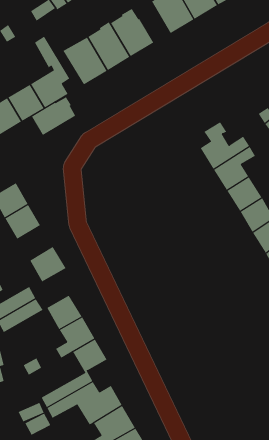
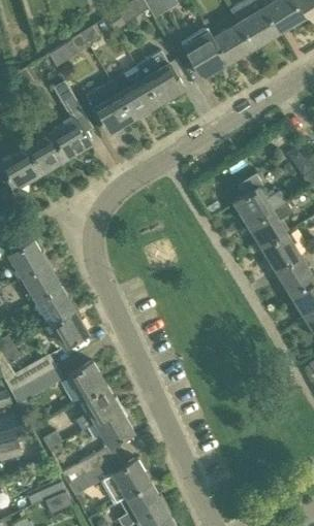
building: [31,96,77,136] -> none
building: none -> [35,287,74,325]

